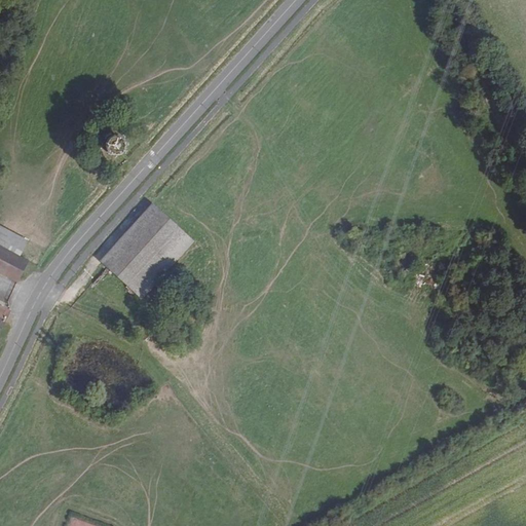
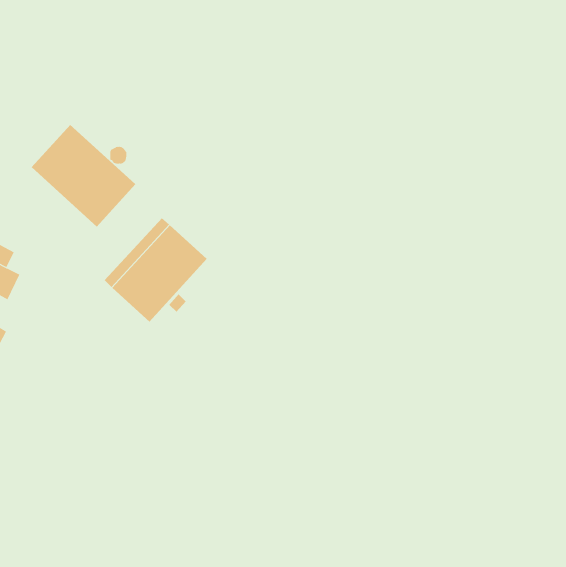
building: none -> [31,124,136,227]

